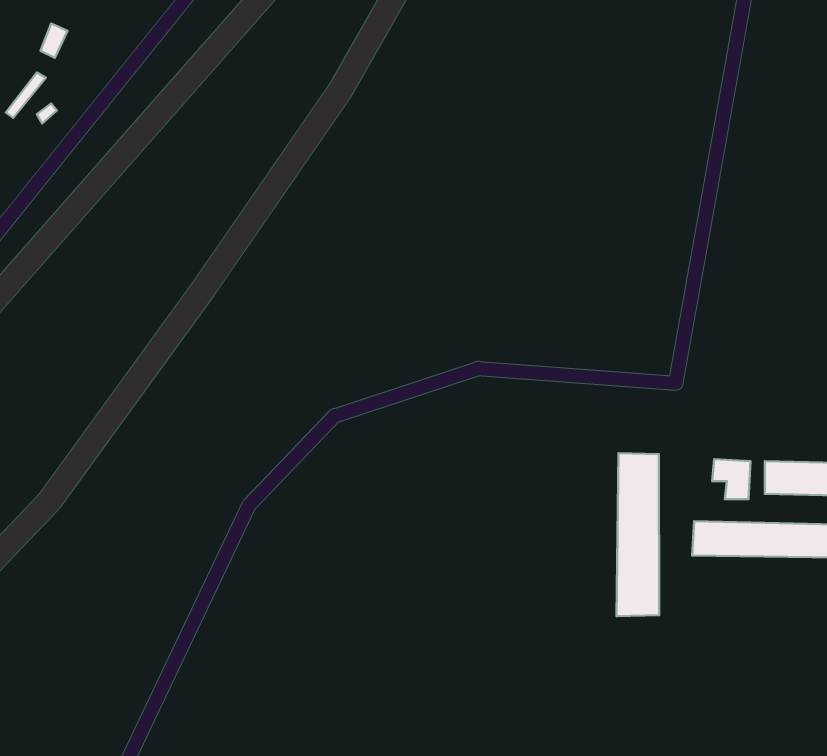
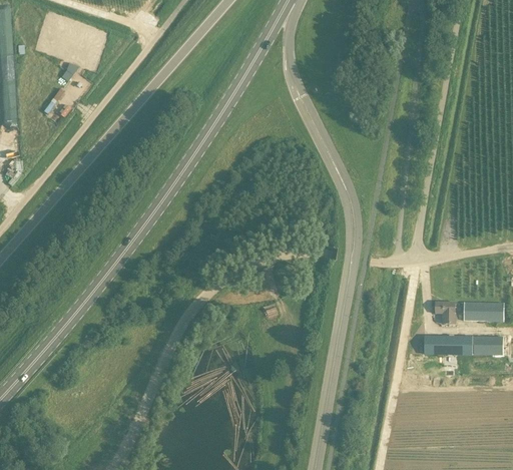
building: [617,453,659,616] -> none

